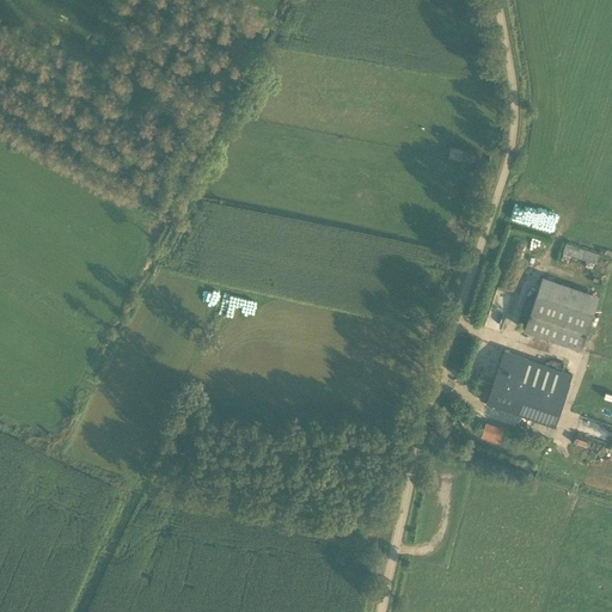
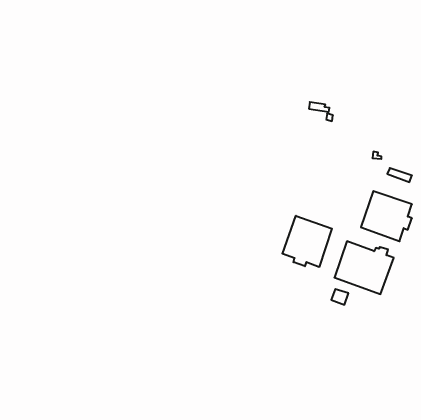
building: none -> [282,216,332,267]

